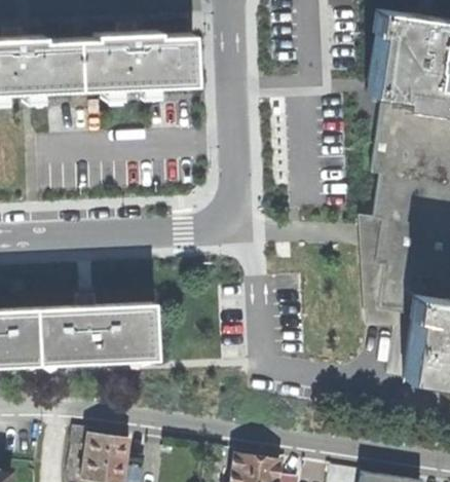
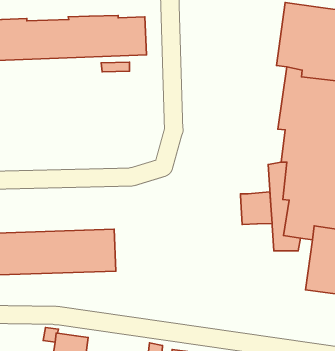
building: none -> [240,192,272,225]

